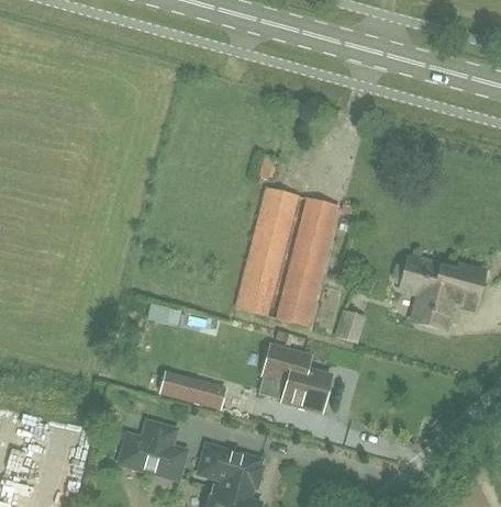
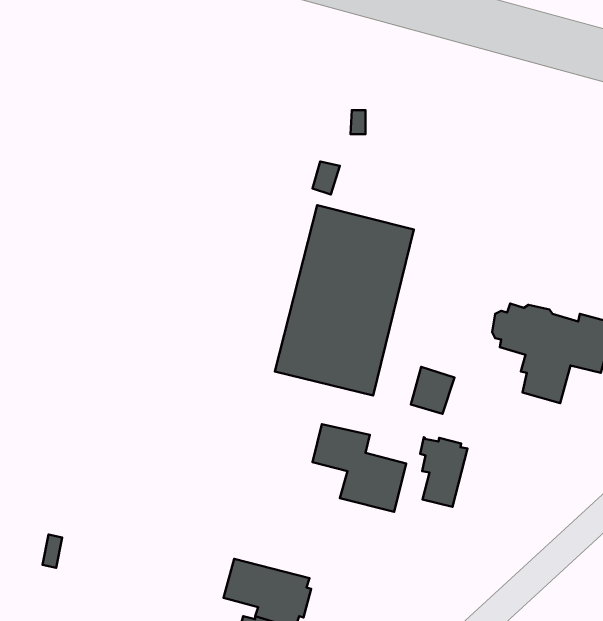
building: none -> [420,437,468,507]
building: [162,374,226,410] -> none
building: [120,420,187,478] -> none

